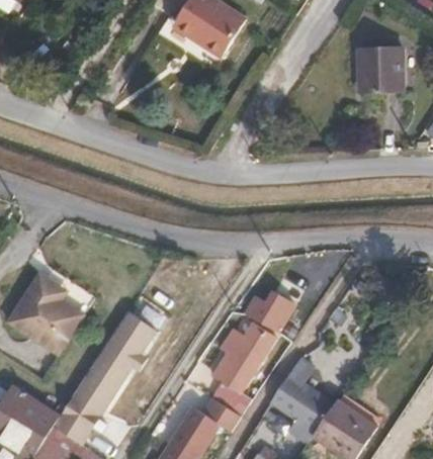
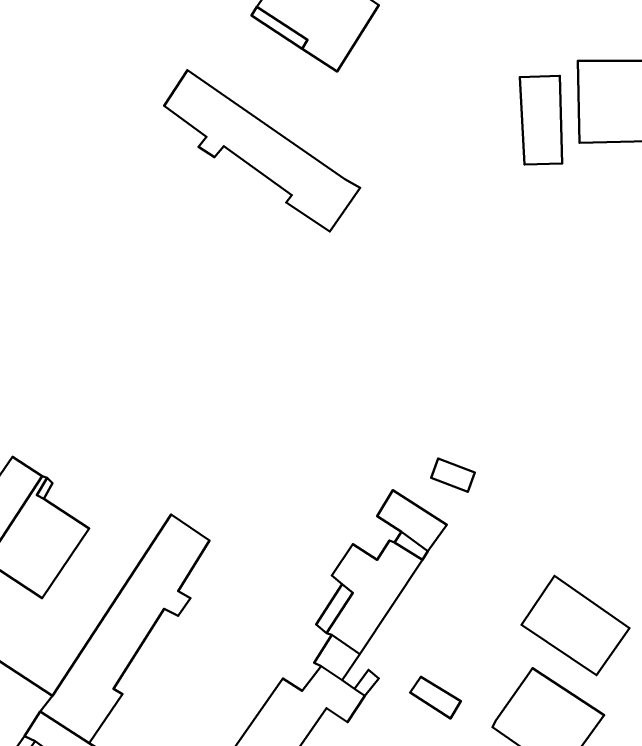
building: none -> [164,70,360,231]
building: none -> [520,76,562,164]
building: [273,372,336,430] -> [521,576,630,675]

